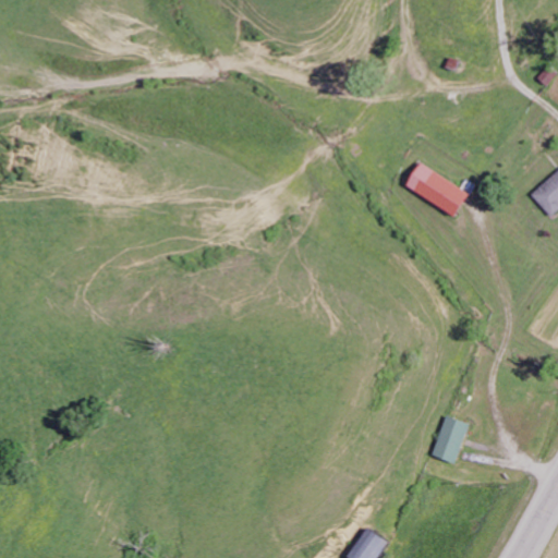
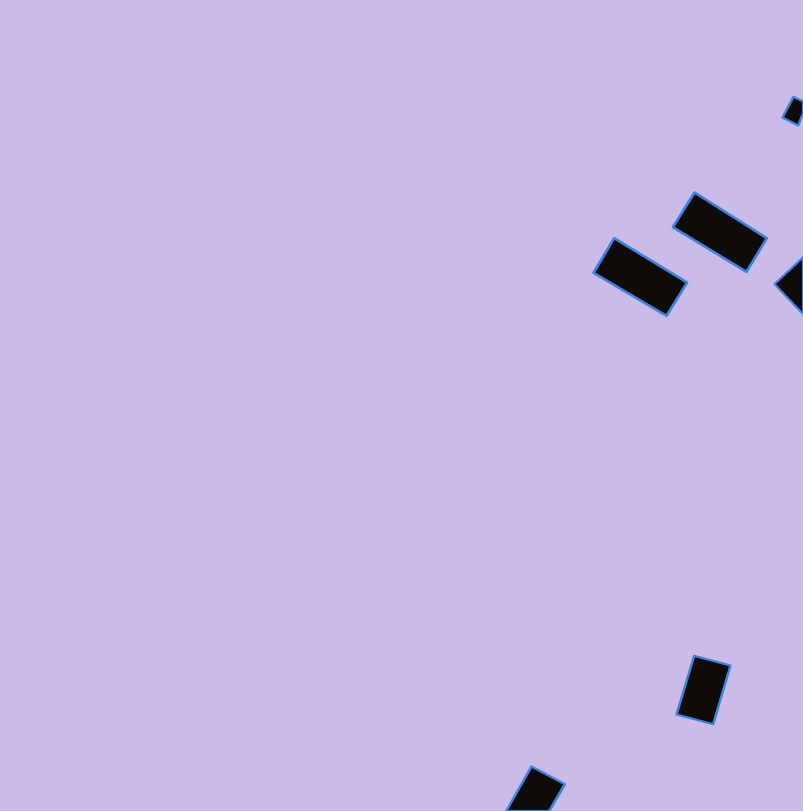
building: none -> [673,193,767,272]
building: [430,415,468,462] -> [677,656,731,724]

